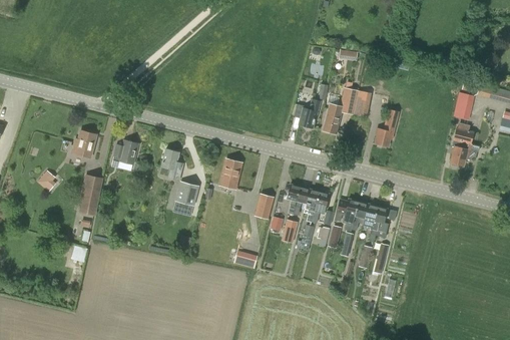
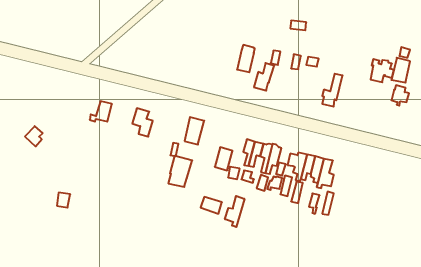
building: [322,102,342,133] -> [237,45,255,72]
building: [72,130,96,157] -> none
building: [450,139,476,165] -> [371,59,394,82]
building: [78,174,102,215] -> none
building: [172,181,199,216] -> [168,156,192,187]
building: none -> [225,196,244,227]

